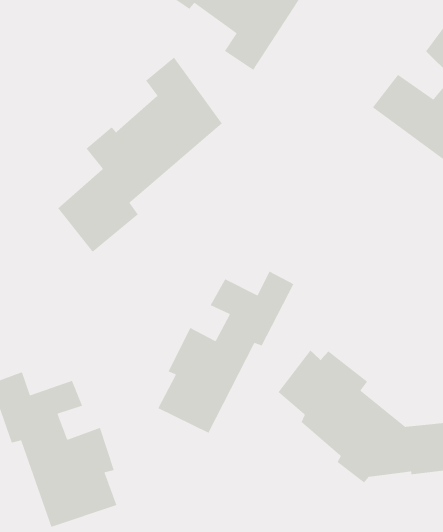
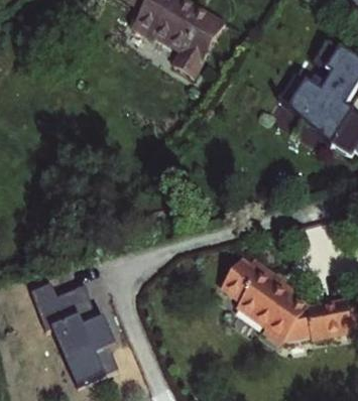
building: [57,56,223,253] -> none
building: [157,270,294,434] -> none

